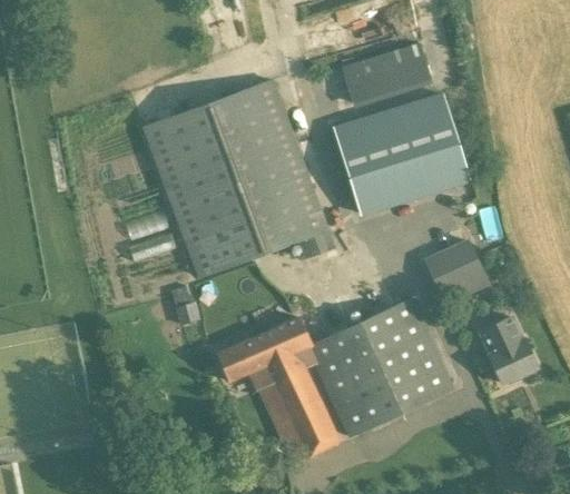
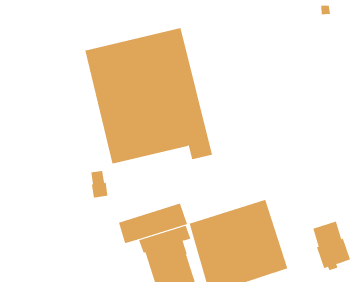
building: [342,41,433,107] -> none
building: [326,98,465,217] -> none
building: [428,239,485,293] -> none

